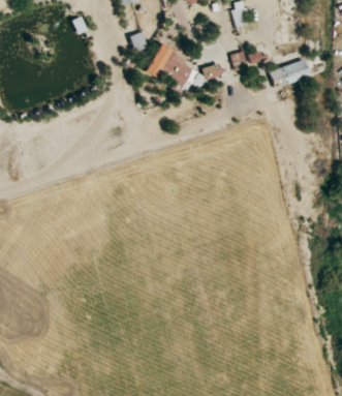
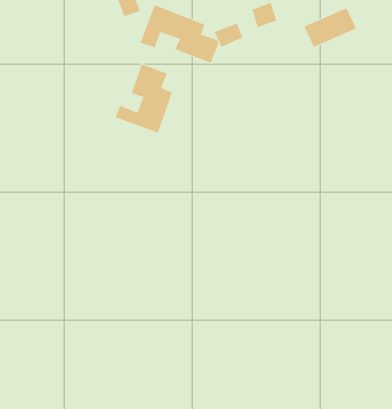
building: none -> [115,64,173,134]

